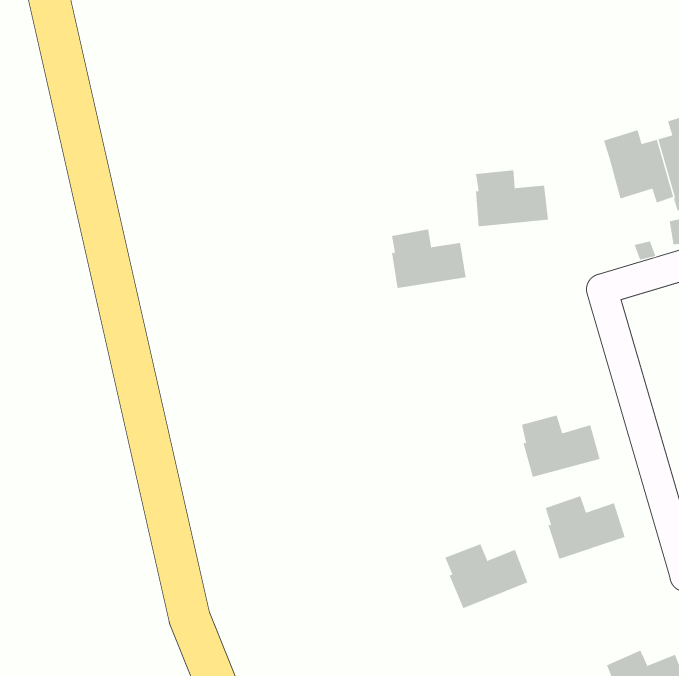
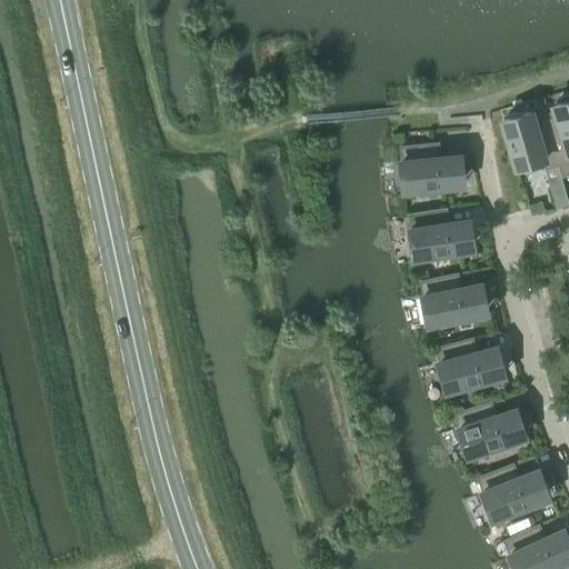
building: [391,229,467,289] -> [413,214,473,262]
building: none -> [426,280,487,329]
building: [445,543,528,609] -> [482,471,549,523]

